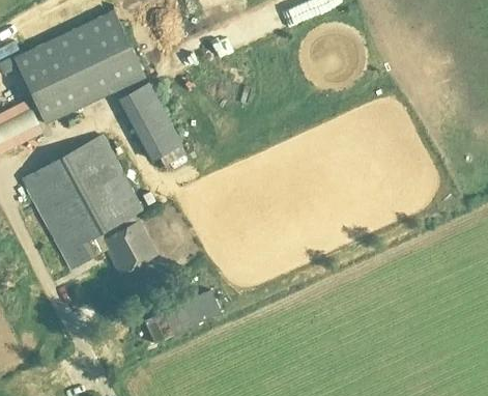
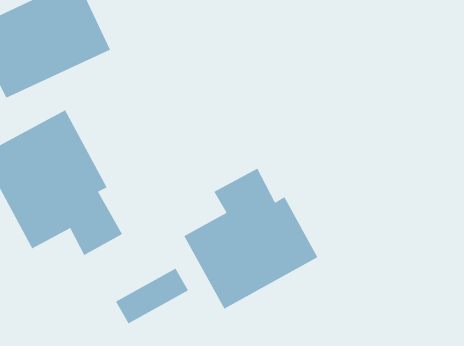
building: [118,82,183,162] -> none
building: none -> [183,168,318,310]

